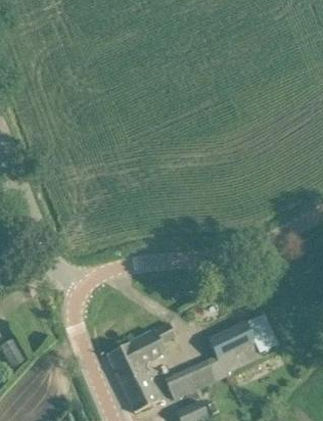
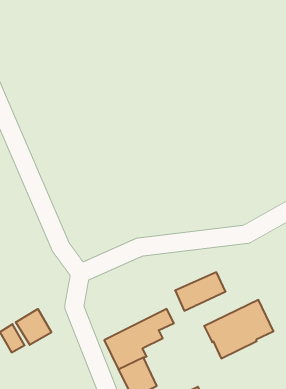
building: none -> [16,309,51,345]
building: [166,360,217,399] -> [175,272,226,311]

